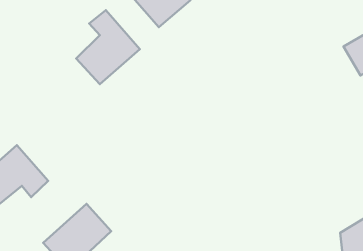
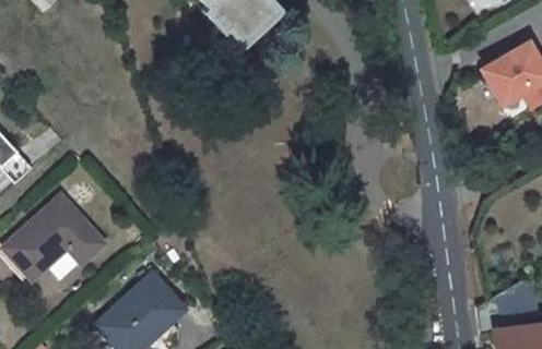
building: [76,10,140,84] -> none

